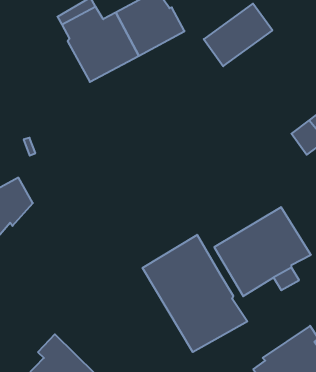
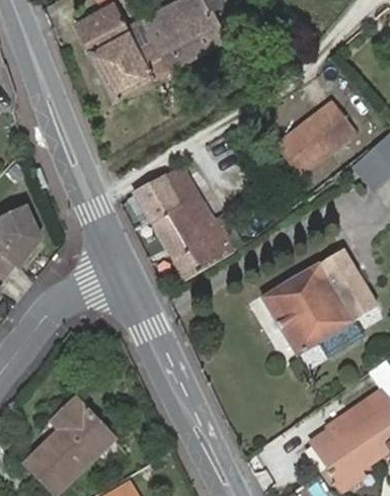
building: [204,4,272,66] -> [272,102,355,177]
building: none -> [135,167,236,276]
building: [143,235,247,352] -> none

